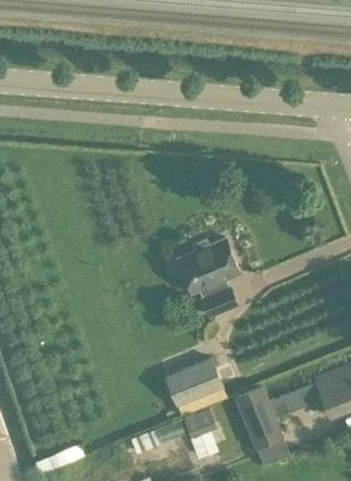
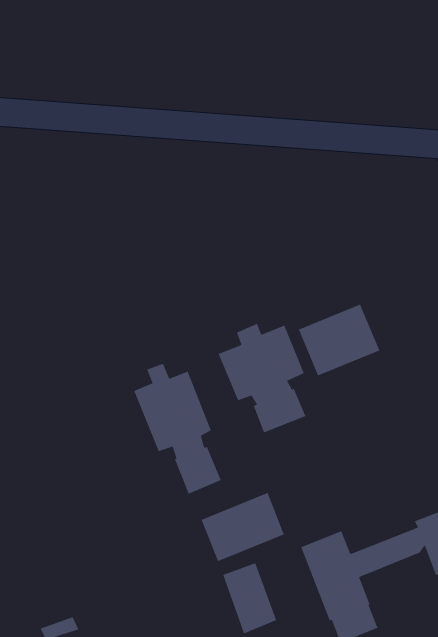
building: none -> [298,304,380,376]
building: none -> [133,363,222,495]

